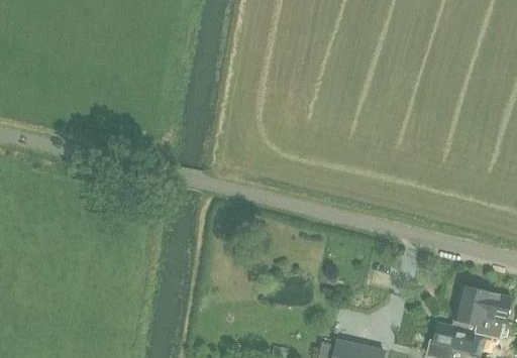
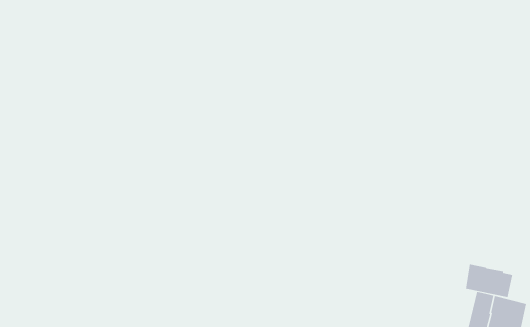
building: none -> [465,264,513,298]

